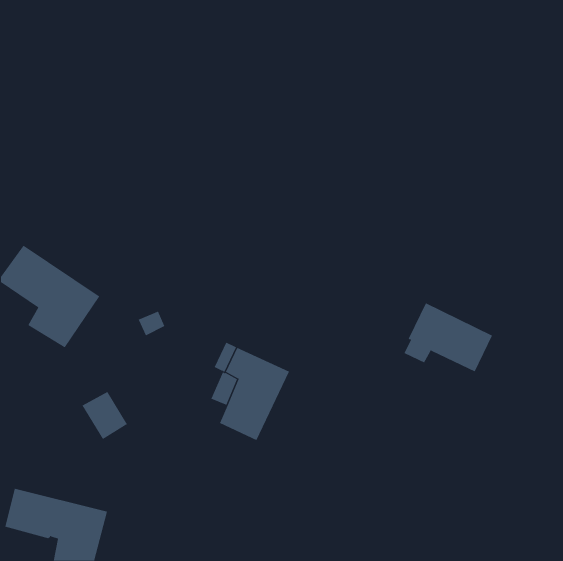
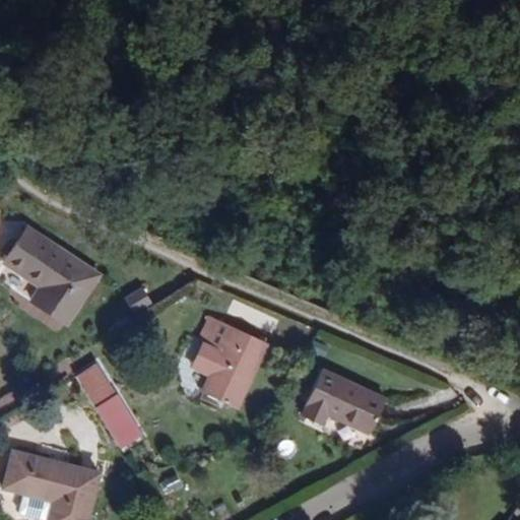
building: [404,303,493,372] -> [300,366,382,430]
building: none -> [94,392,139,445]

